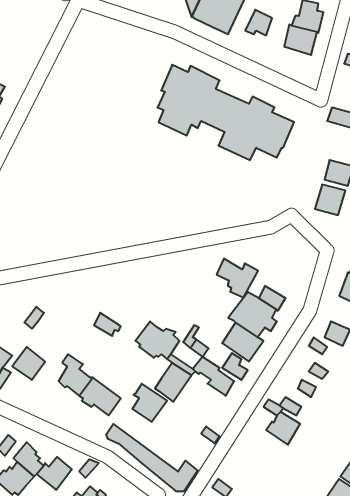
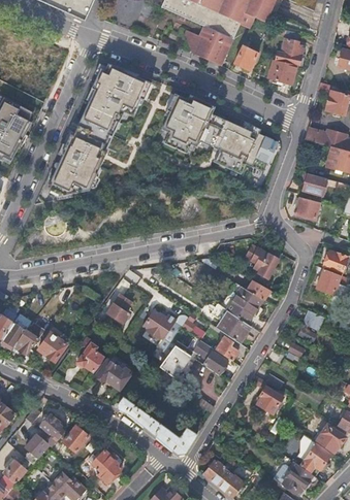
building: none -> [46,63,150,197]
building: [217,258,258,298] -> [247,244,282,277]
building: [132,384,167,422] -> none

